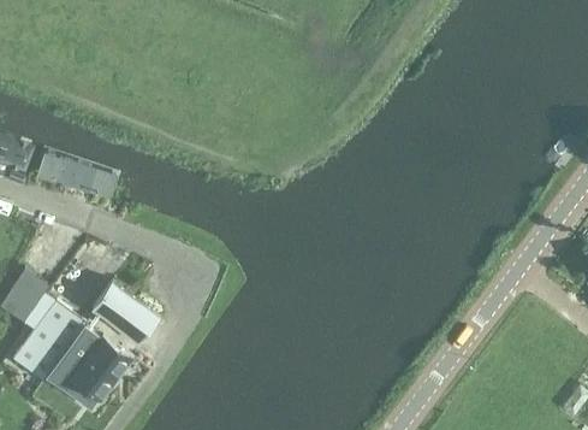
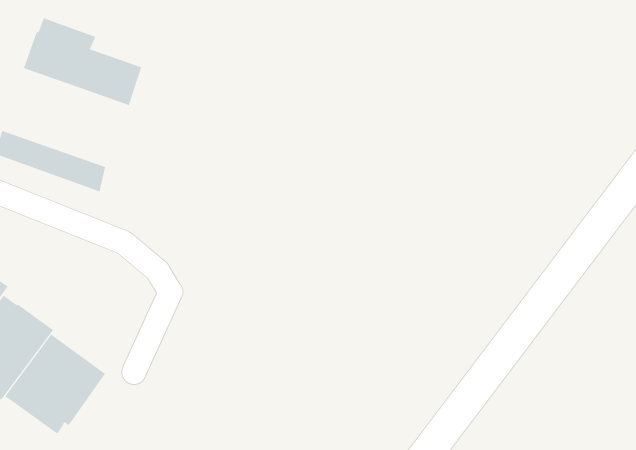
building: none -> [23,18,142,106]
building: [89,282,160,347] -> none

